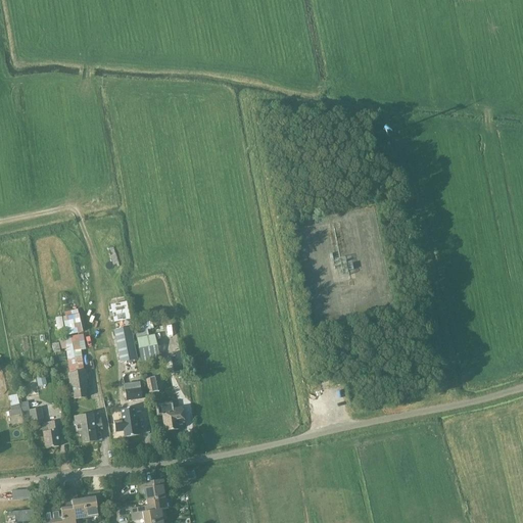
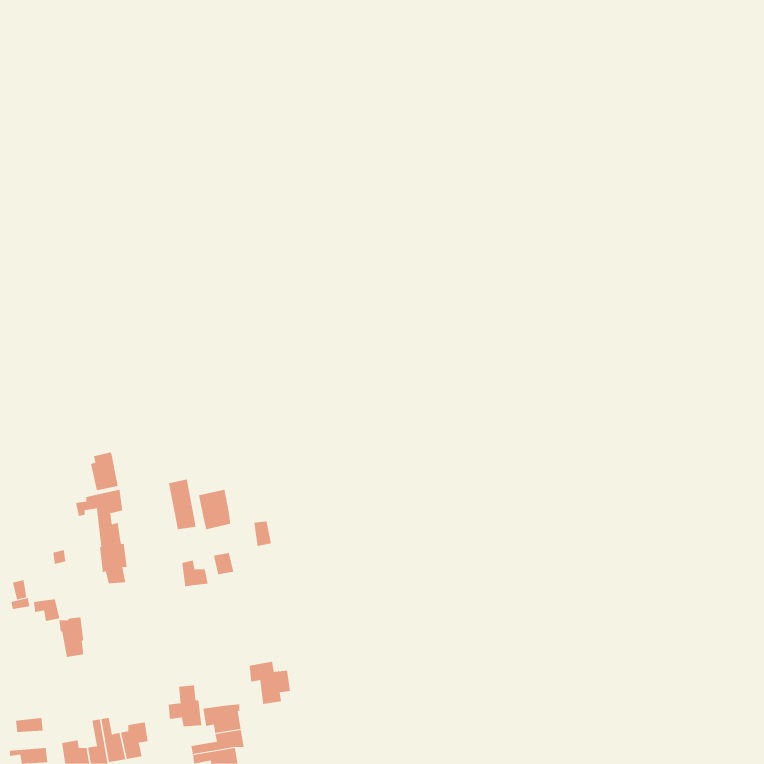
building: [157,400,186,430] -> [249,661,291,705]
building: [115,407,139,435] -> [168,685,202,727]
building: [75,413,103,442] -> none

